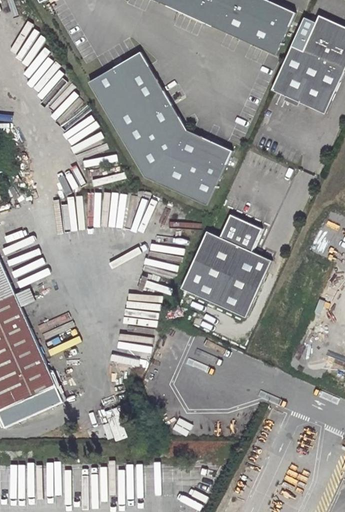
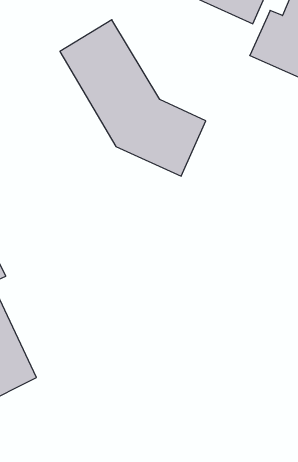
building: [181,214,271,317] -> none

